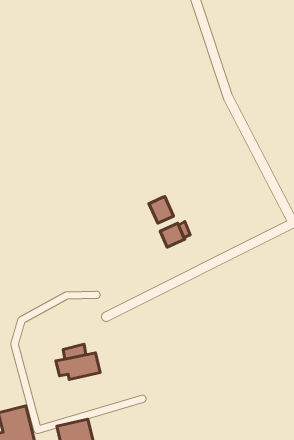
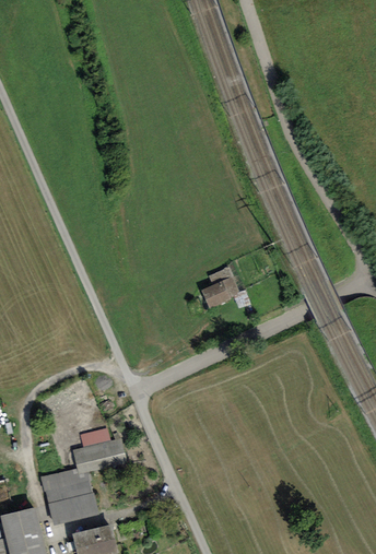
building: [149,196,174,223] -> none
building: none -> [40,465,98,524]

